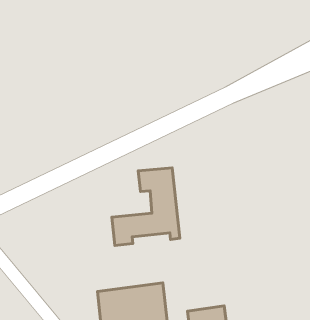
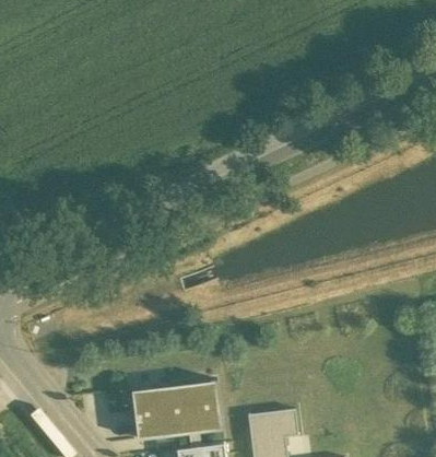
building: [112,168,180,245] -> none

